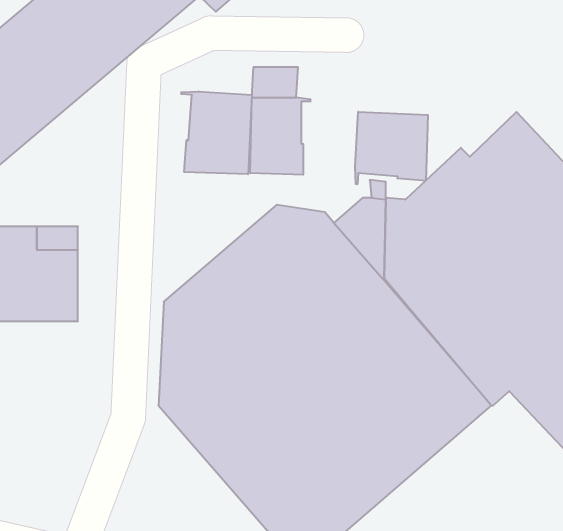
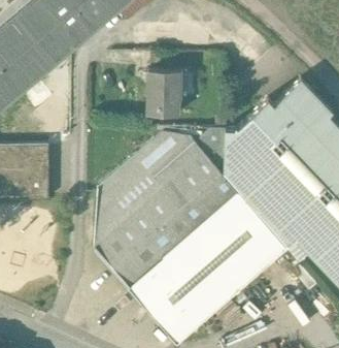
building: [181,91,252,174] -> none
building: [355,112,428,184] -> none

